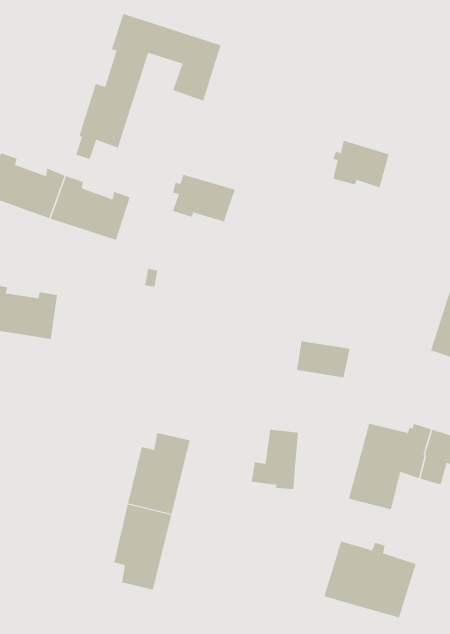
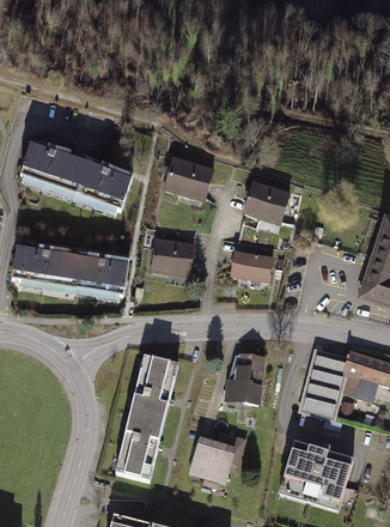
building: [76,13,221,160] -> none
building: [332,140,390,188] -> [244,182,288,219]
building: none -> [150,240,194,272]
building: none -> [71,252,128,295]
building: [296,341,350,378] -> [231,252,273,280]
building: none -> [190,431,244,479]

